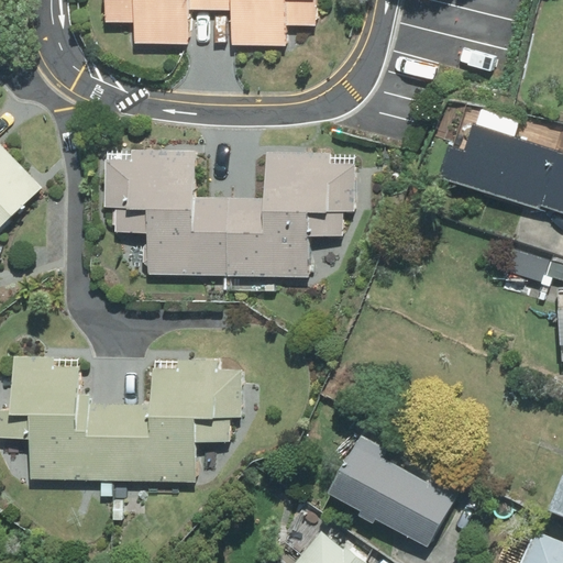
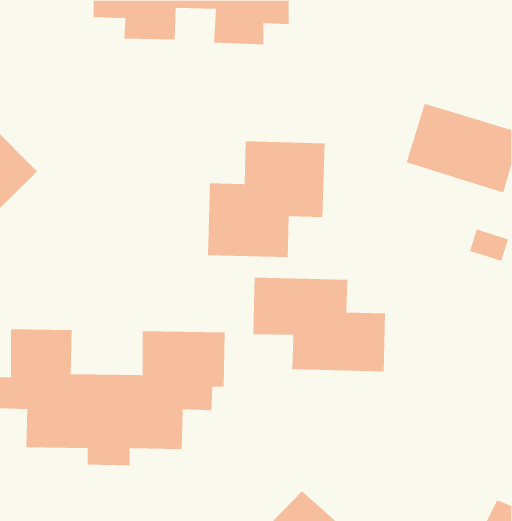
building: [102,147,225,276] -> none
building: none -> [253,277,386,372]
building: [332,444,457,547] -> none

